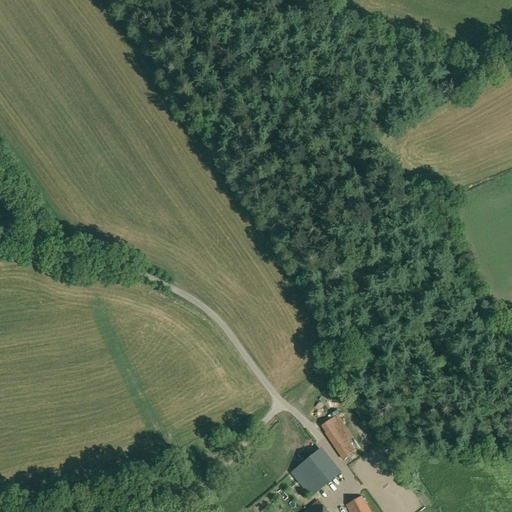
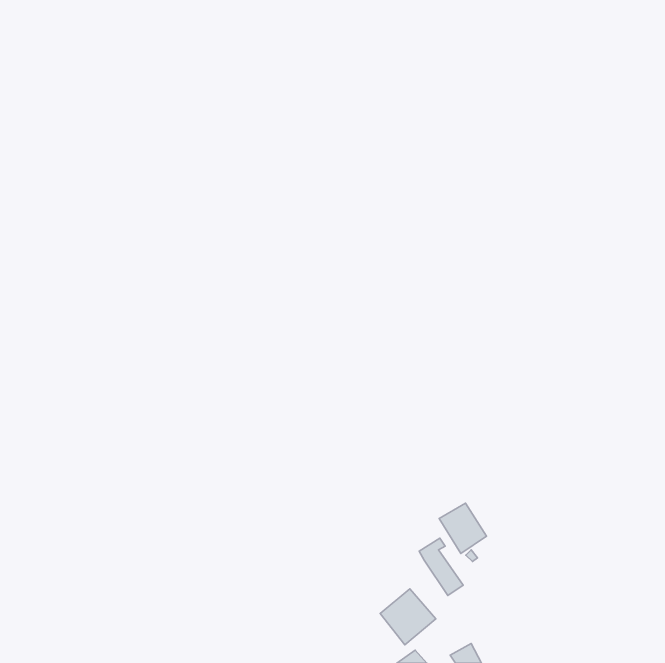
building: none -> [439,503,486,553]

